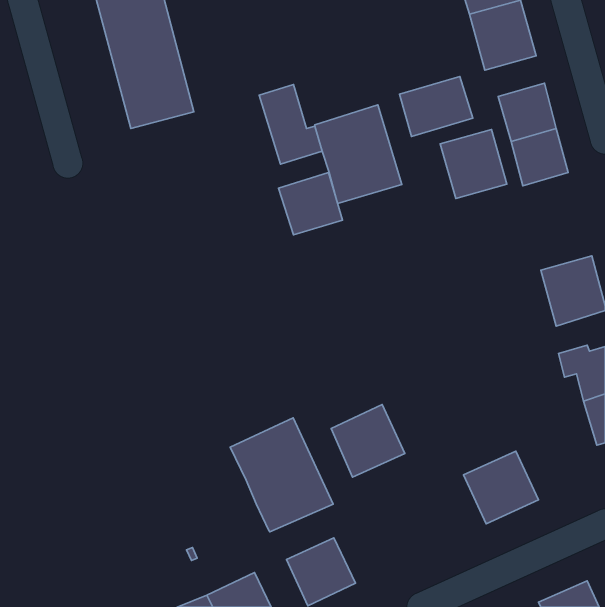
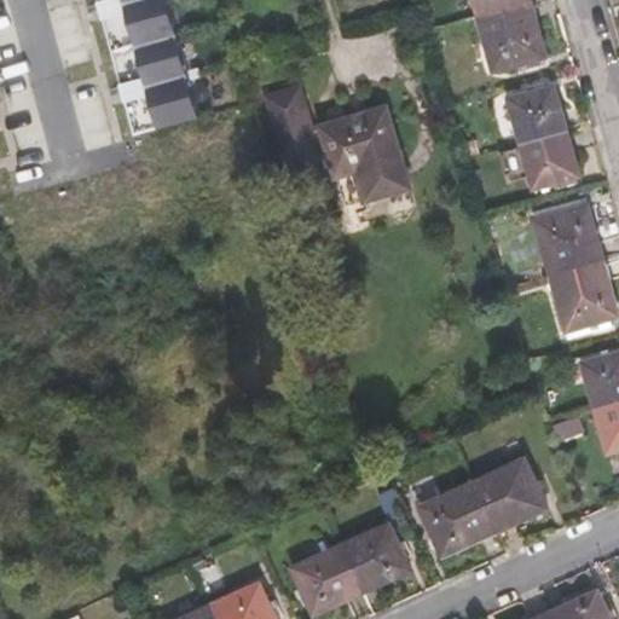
building: [400,77,473,137] -> none
building: [440,130,507,199] -> [534,204,602,274]
building: [278,173,343,235] -> none
building: [331,405,405,477] -> [420,482,494,556]
building: [230,418,333,532] -> none
building: none -> [340,523,410,592]

